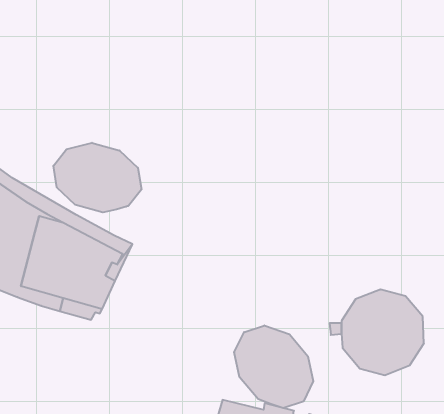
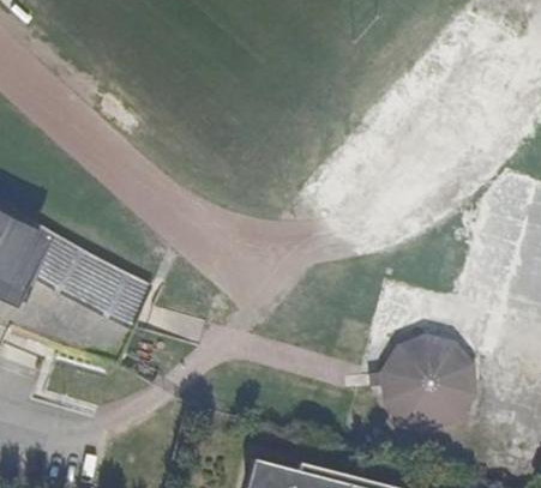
building: [53,143,141,212] -> none
building: [234,325,313,408] -> none

